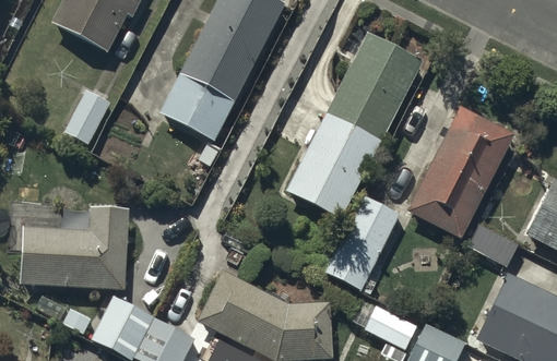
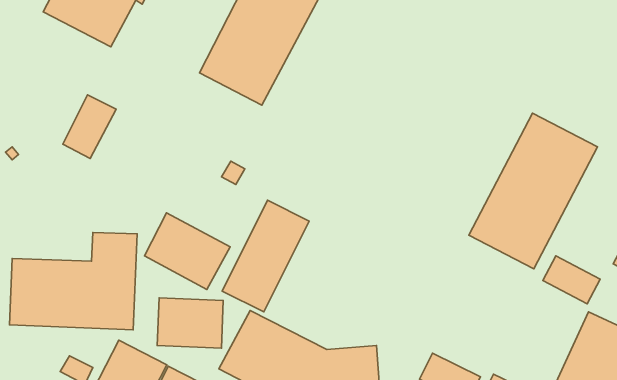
building: [286,32,420,216] -> none
building: [159,74,232,139] -> [144,213,230,290]
building: [327,196,400,290] -> [222,200,309,312]
building: none -> [157,298,223,348]

